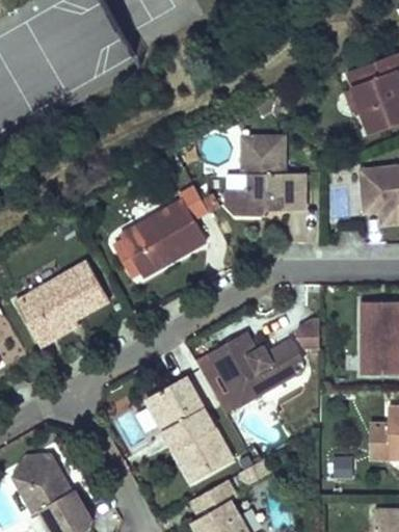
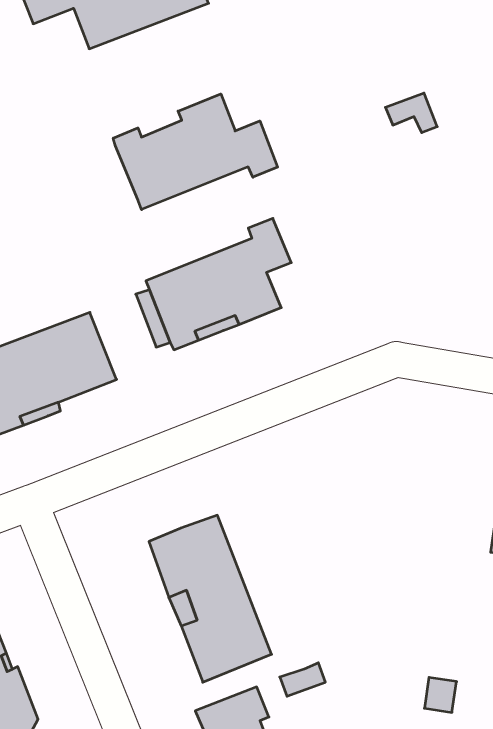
building: none -> [113,94,278,210]
building: [227,136,304,215] -> none
building: [209,318,319,406] -> none

